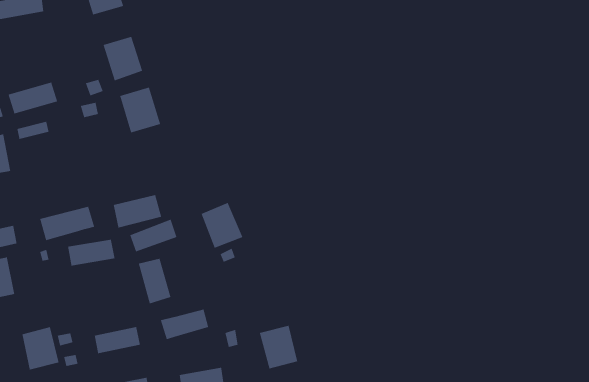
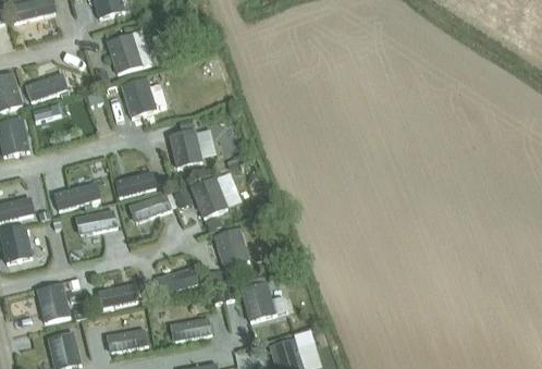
building: none -> [169,128,202,167]
building: [138,258,171,305] -> none
building: none -> [214,227,249,267]

